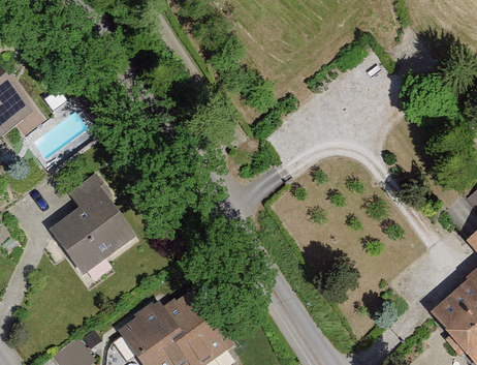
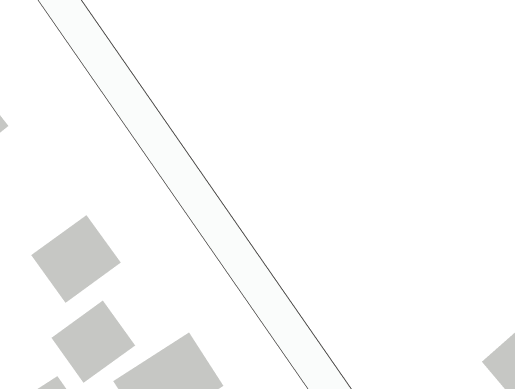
building: none -> [50,300,136,384]

